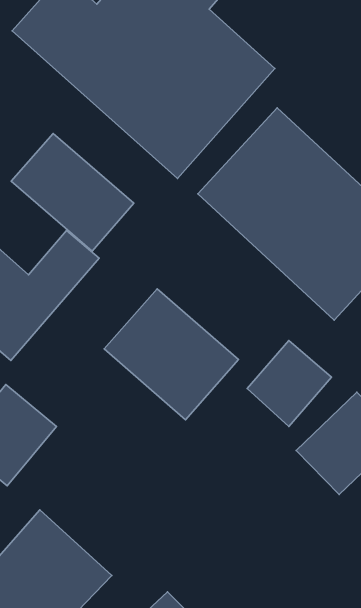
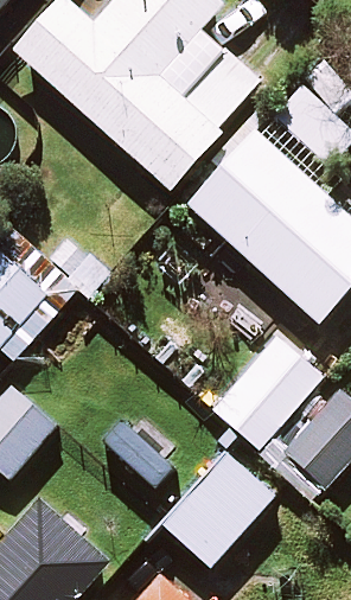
building: [11,133,134,251] -> none
building: [104,289,238,420] -> none
building: none -> [160,452,273,566]

